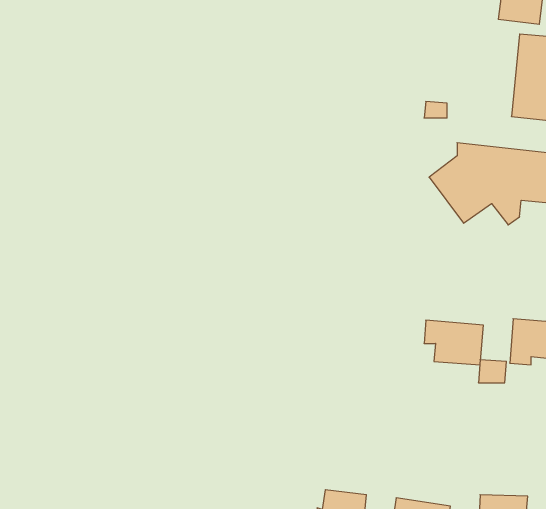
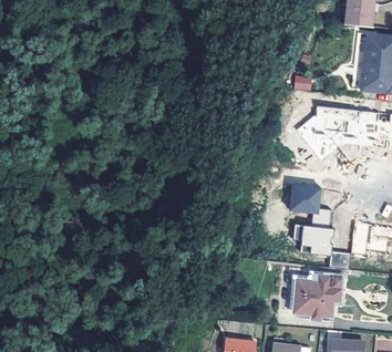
building: none -> [289,183,330,226]
building: none -> [297,273,341,314]

